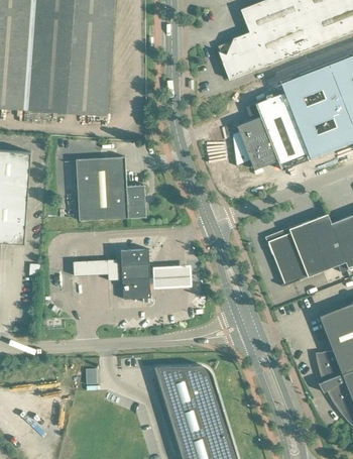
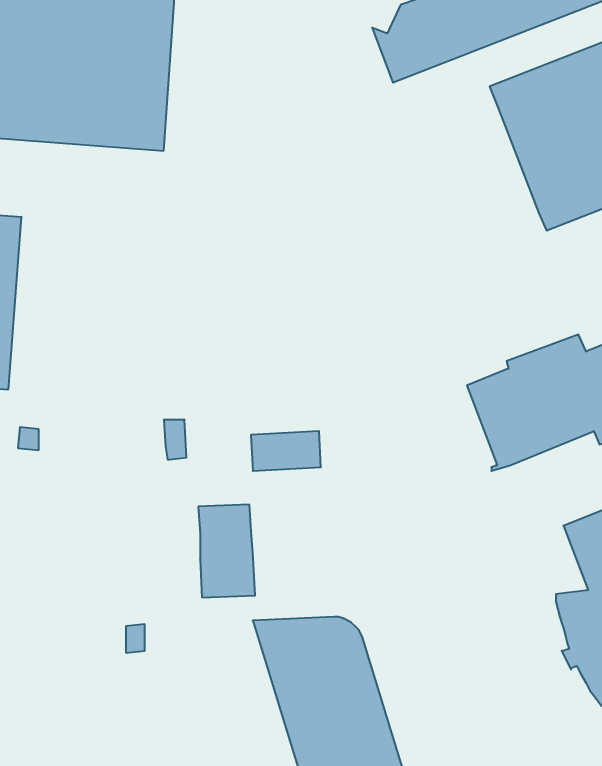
building: [231,92,310,169] -> none
building: [75,156,145,220] -> none
building: [120,249,150,299] -> [198,505,255,597]
building: [77,259,107,275] -> none

